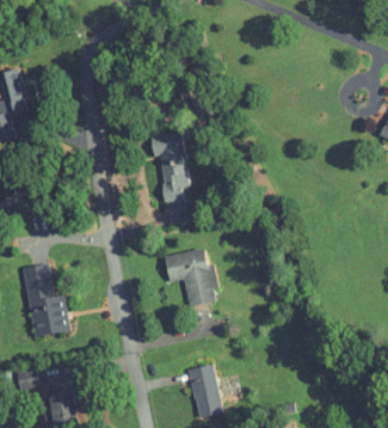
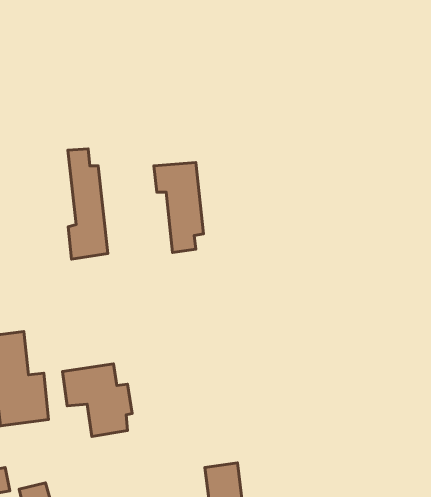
building: none -> [68,149,108,259]
building: [165,249,218,305] -> [63,364,132,437]

